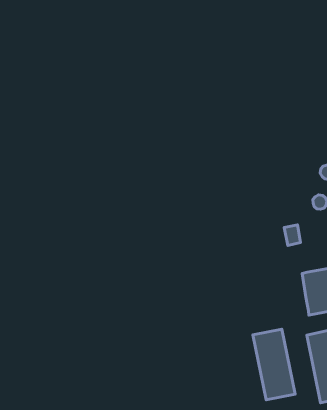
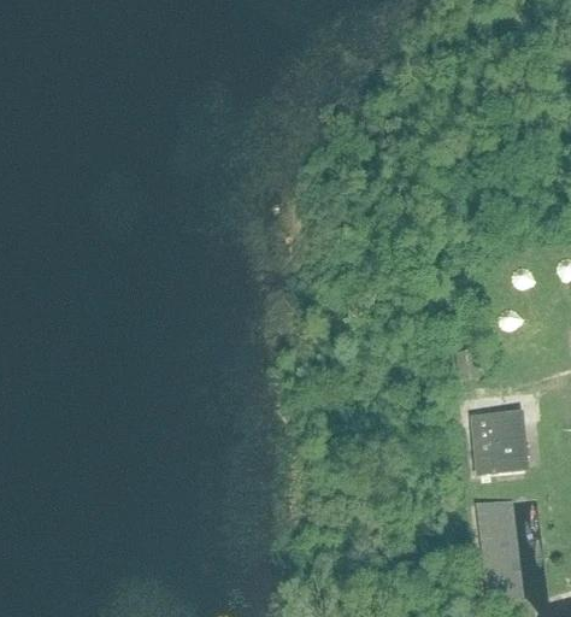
building: [253,329,295,400] -> none

